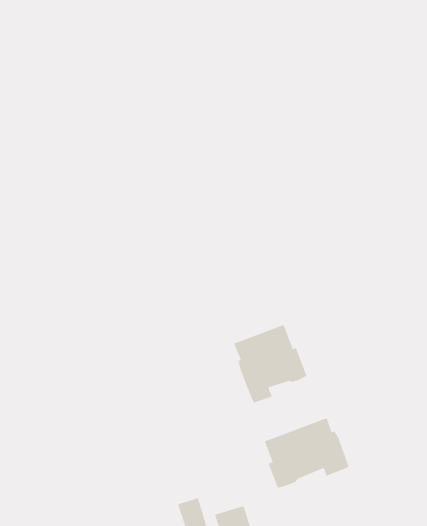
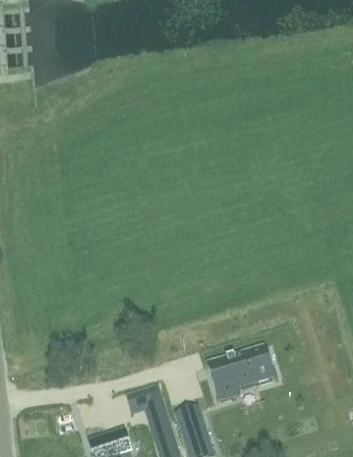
building: [234,324,307,404] -> none

